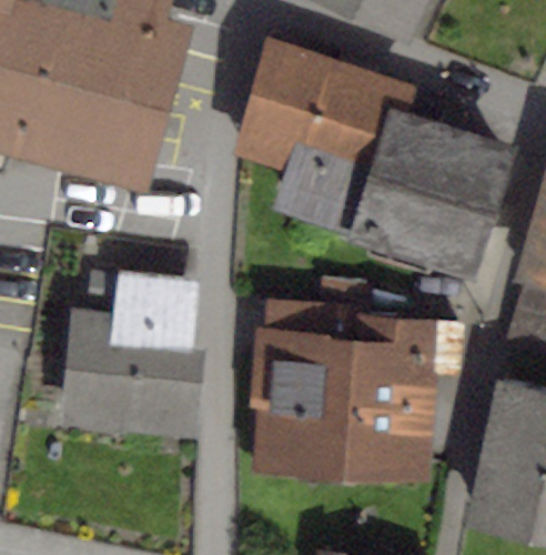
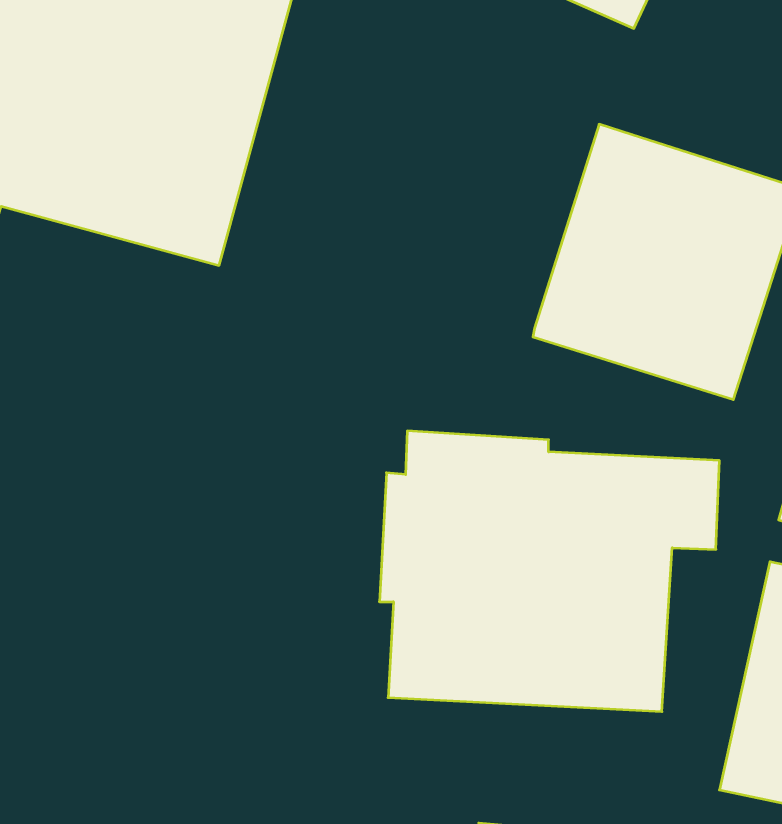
building: [231,37,418,233] -> none
building: [64,269,203,436] -> none

